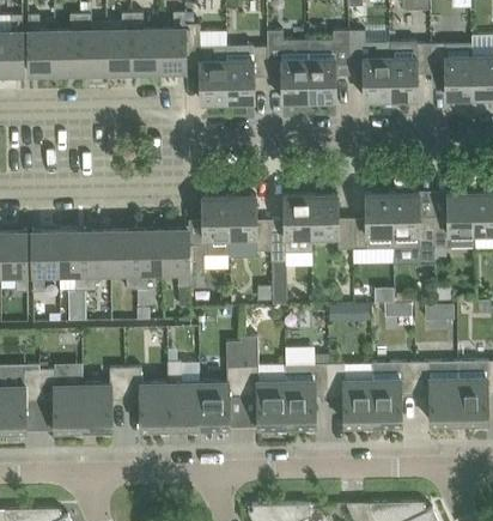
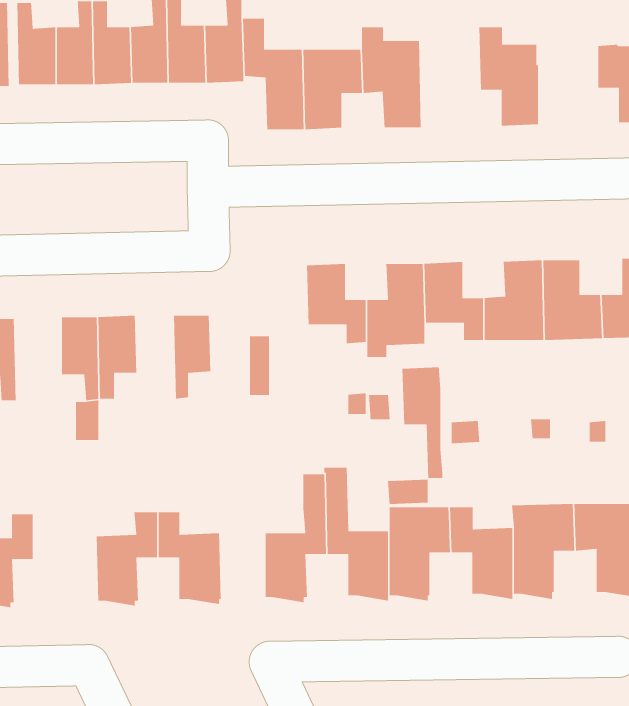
building: [308,31,349,102] -> none
building: [390,44,431,99] -> none
building: [202,196,230,255] -> none
building: [162,230,190,308] -> [402,367,443,479]
building: [110,231,138,290] -> none
building: [32,232,59,291] -> none
building: [168,361,200,432] -> none
building: [39,369,84,435] -> none

